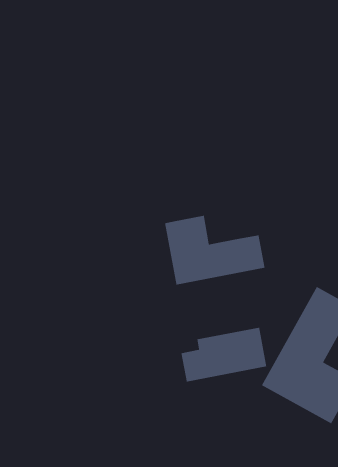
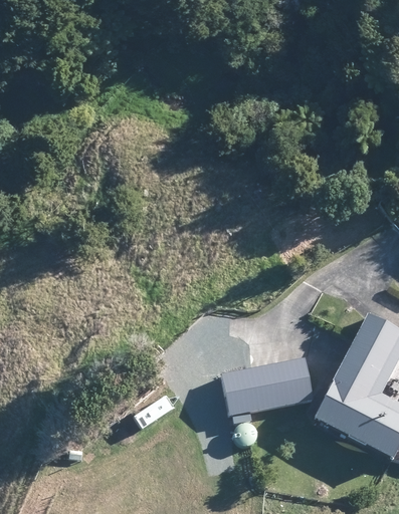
building: [164,215,266,285] -> none

